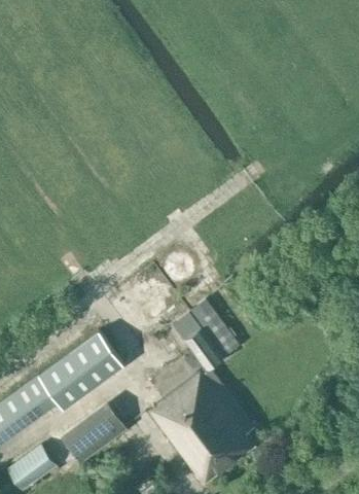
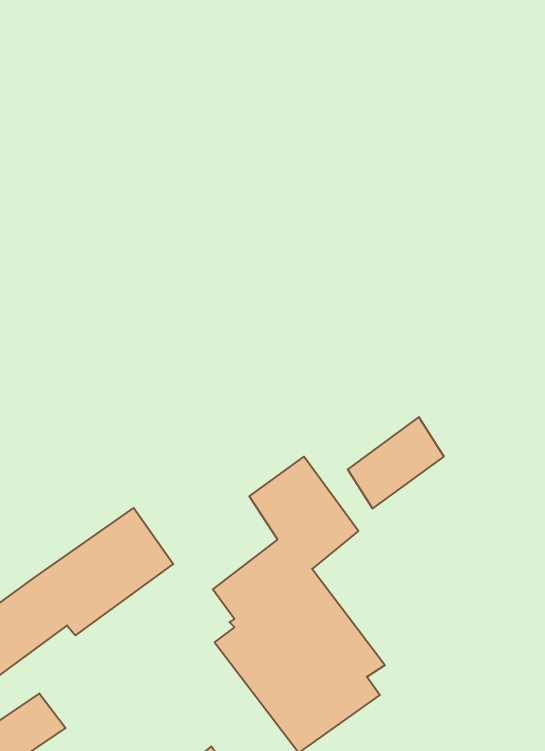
building: none -> [348,417,444,509]
building: [63,407,127,464] -> none

